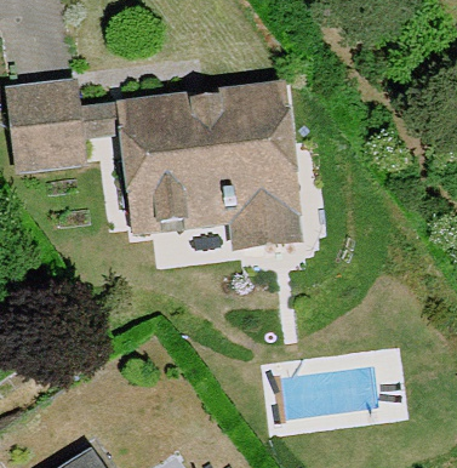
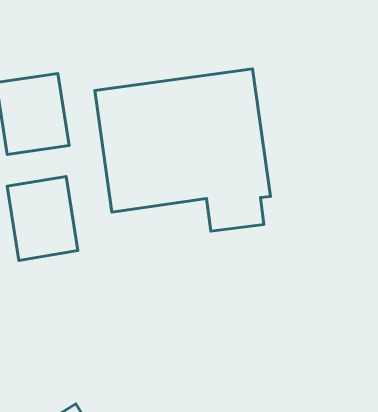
building: none -> [7,176,78,260]

